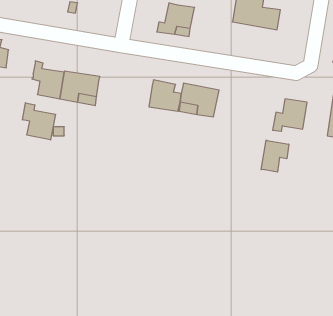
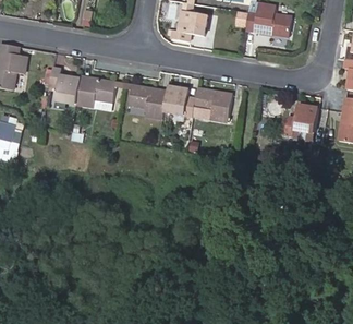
building: none -> [129,85,167,119]
building: [23,103,55,140] -> none
building: [261,140,289,172] -> none

